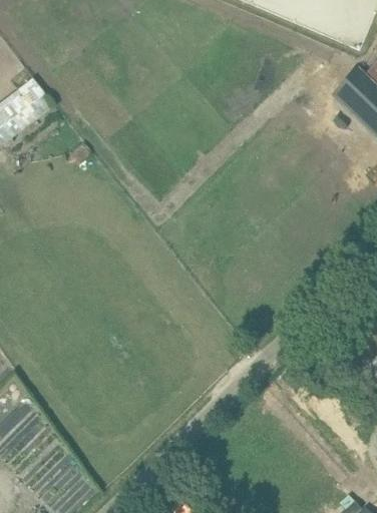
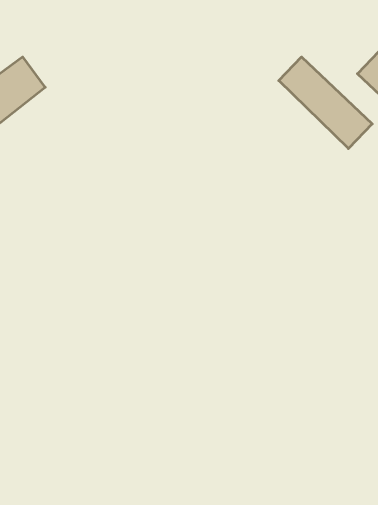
building: none -> [279,57,372,149]

